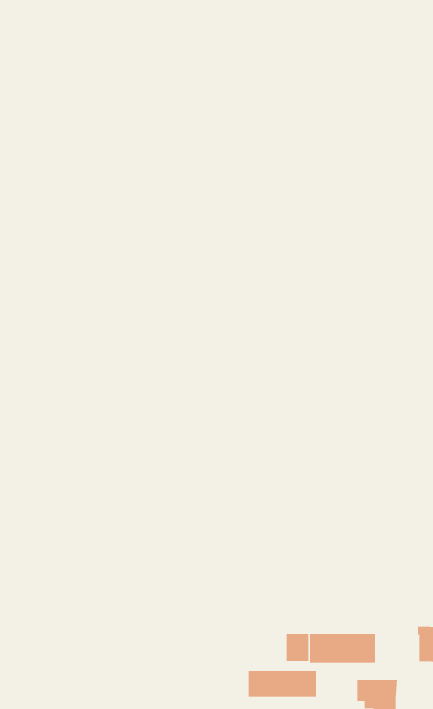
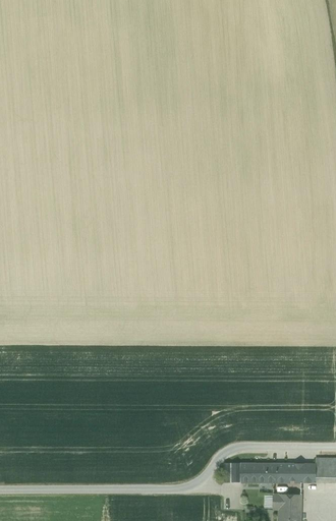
building: none -> [286,462,316,482]
building: [248,670,317,697] -> none

